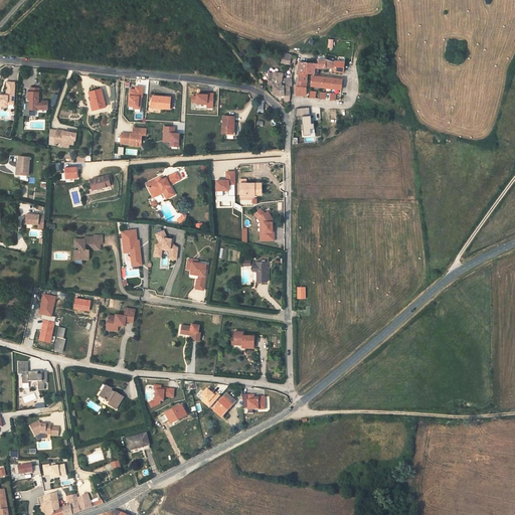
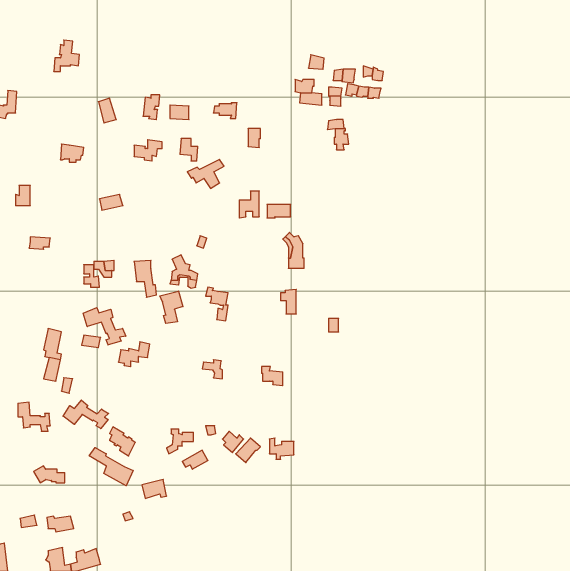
building: [24,87,47,115] -> [54,40,79,71]
building: [146,172,179,198] -> [187,159,224,188]
building: none -> [160,291,183,323]
building: none -> [83,308,126,345]
building: none -> [63,400,109,429]
building: none -> [89,448,133,486]

